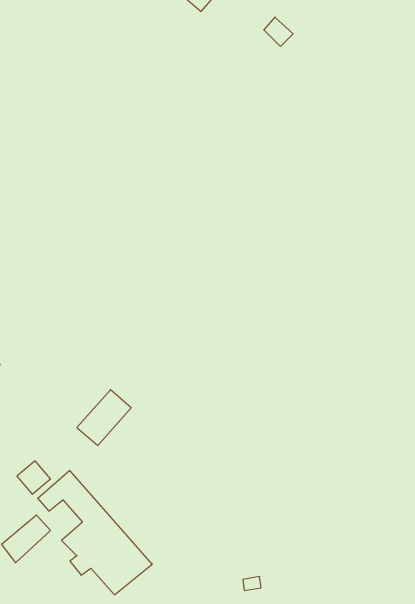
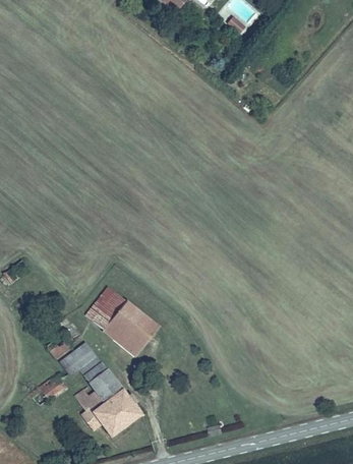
building: none -> [102,299,159,355]

